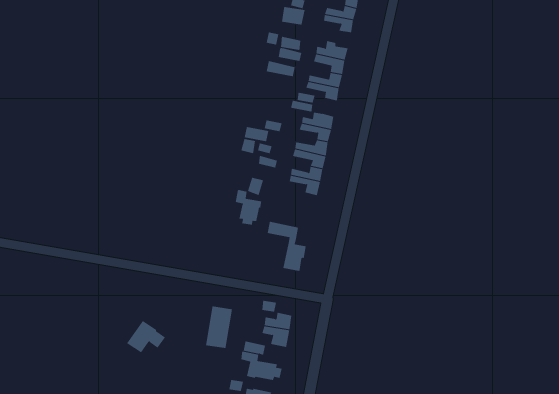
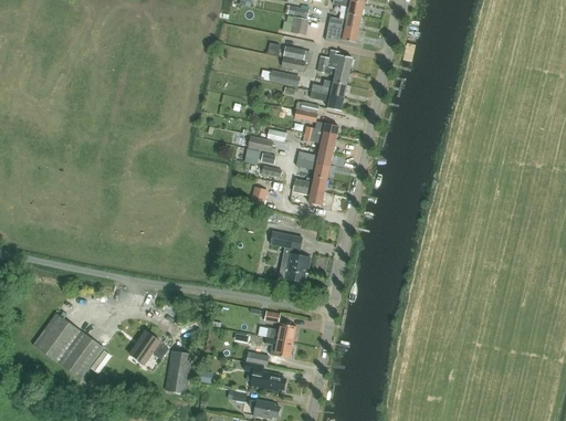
building: [235,189,262,226] -> none
building: none -> [32,313,103,379]
building: [205,306,233,349] -> [164,350,191,393]

